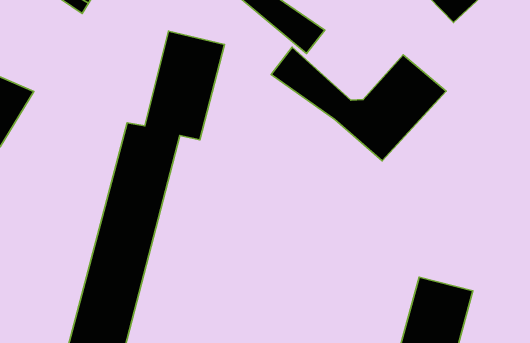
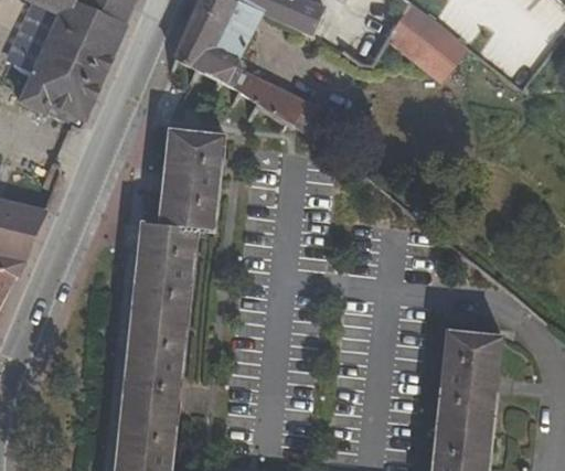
building: [271,47,446,161] -> none

